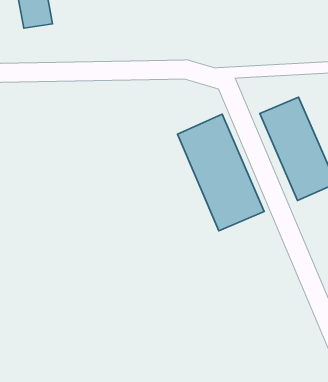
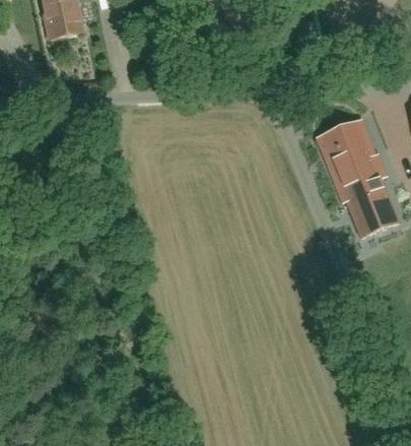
building: [178,114,264,231] -> none

